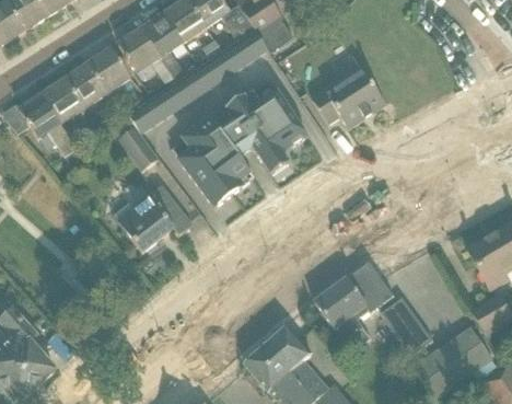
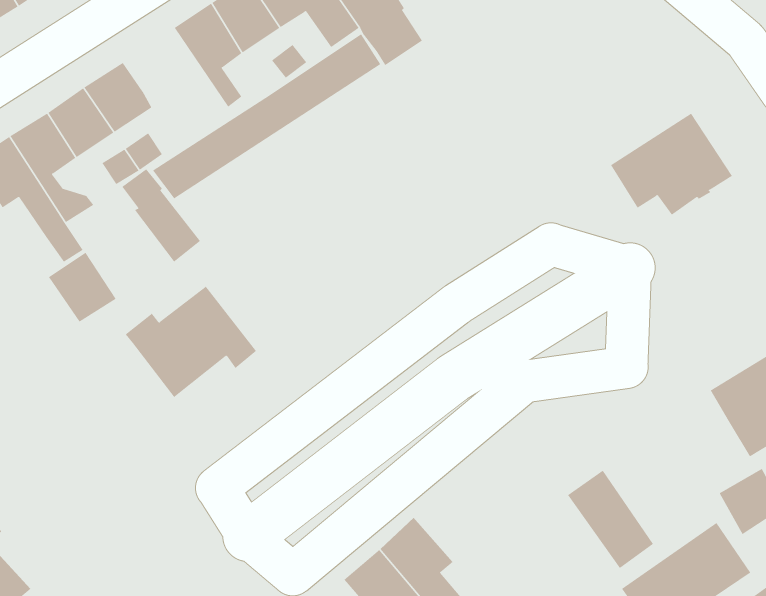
building: [118,27,174,82] -> none
building: [311,65,385,127] -> [610,113,733,216]
building: [178,88,306,206] -> none
building: none -> [48,252,116,322]
building: [313,261,393,346] -> none

